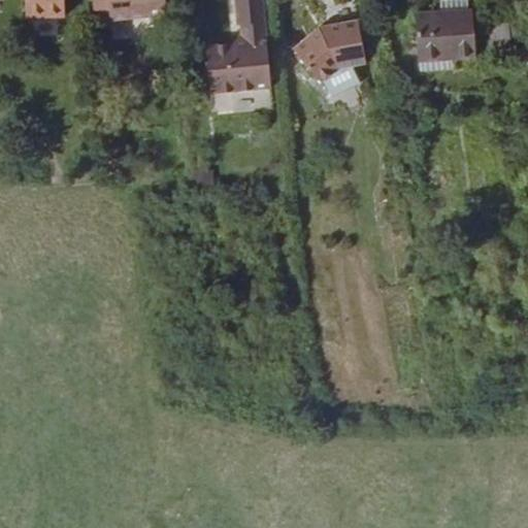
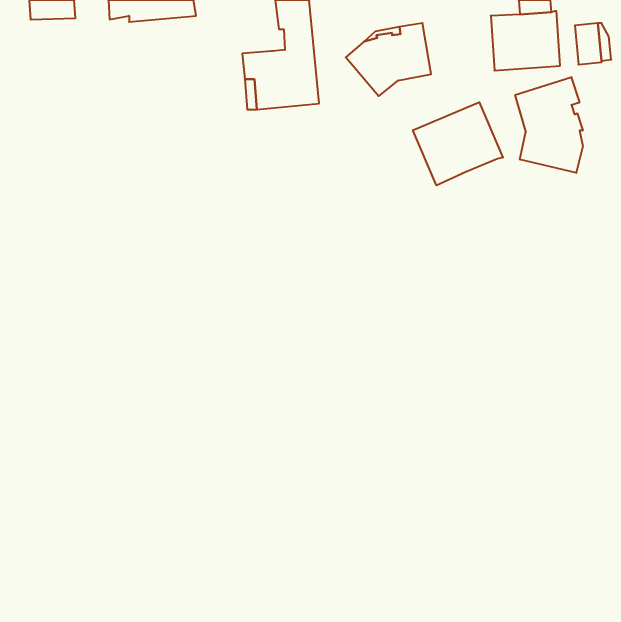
building: none -> [515,77,583,173]
building: none -> [413,102,503,185]

